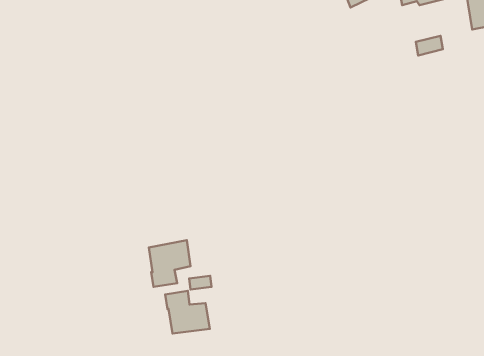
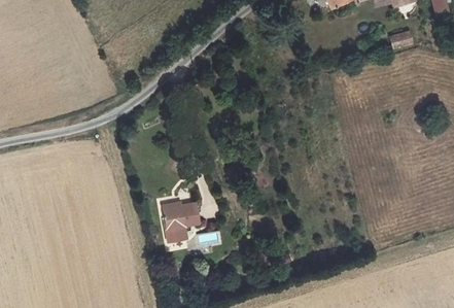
building: [165,291,210,333] -> none

